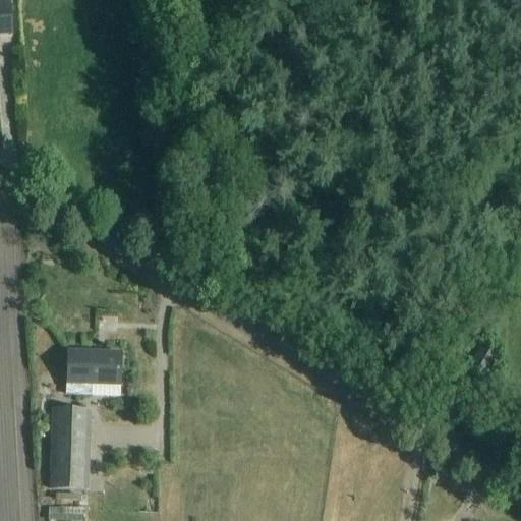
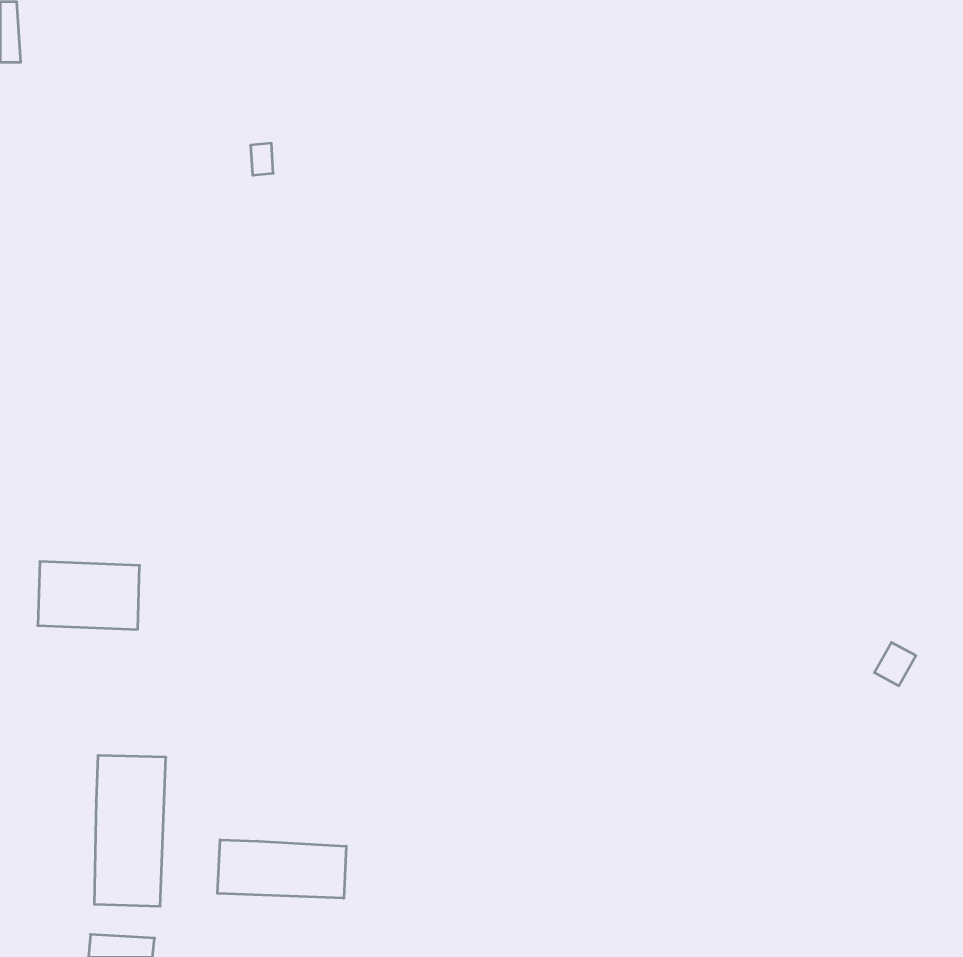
building: [66,349,121,386] -> [38,562,140,629]
building: none -> [217,840,346,898]

